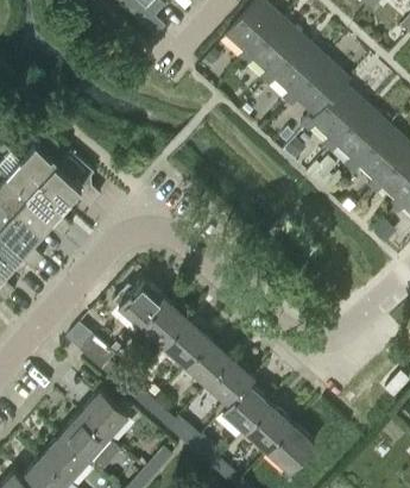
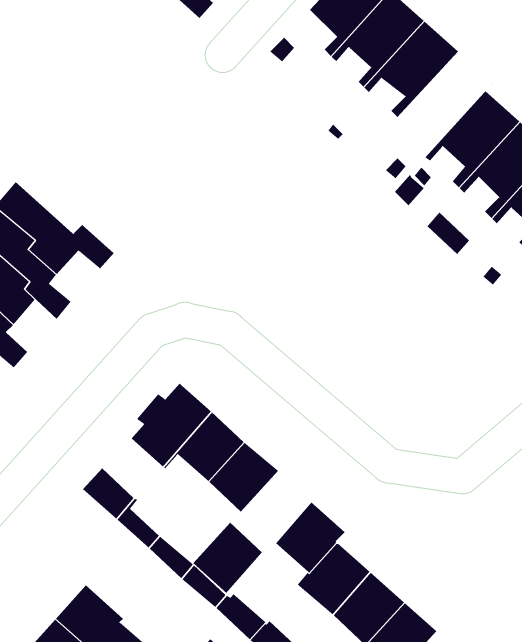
building: [288,60,351,130] -> none
building: [184,337,231,384] -> [192,522,263,594]
building: [82,390,126,434] -> none

